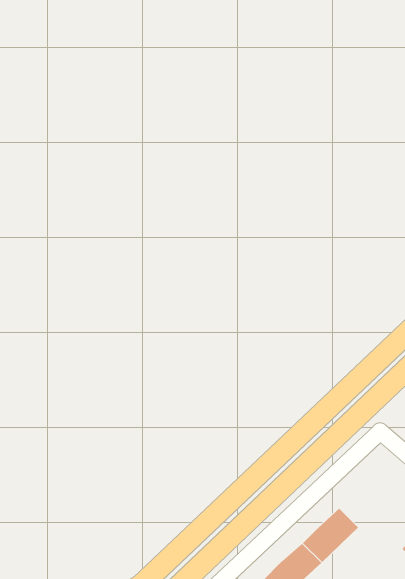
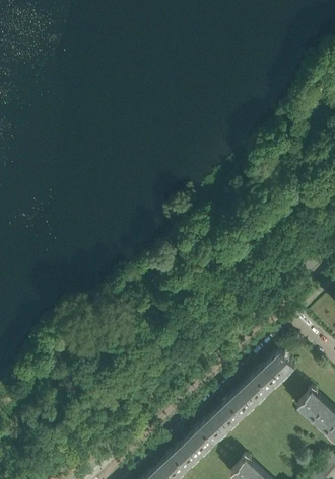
building: none -> [254,352,294,392]

